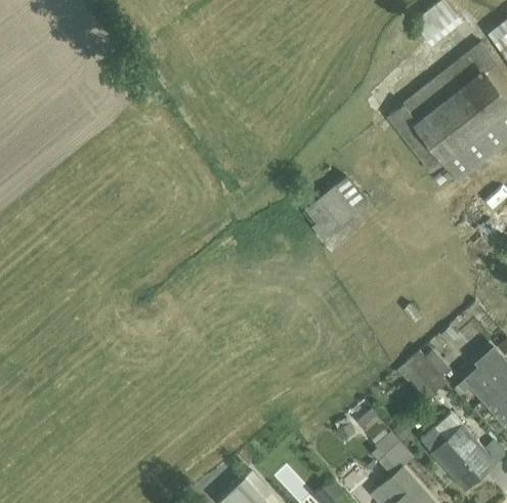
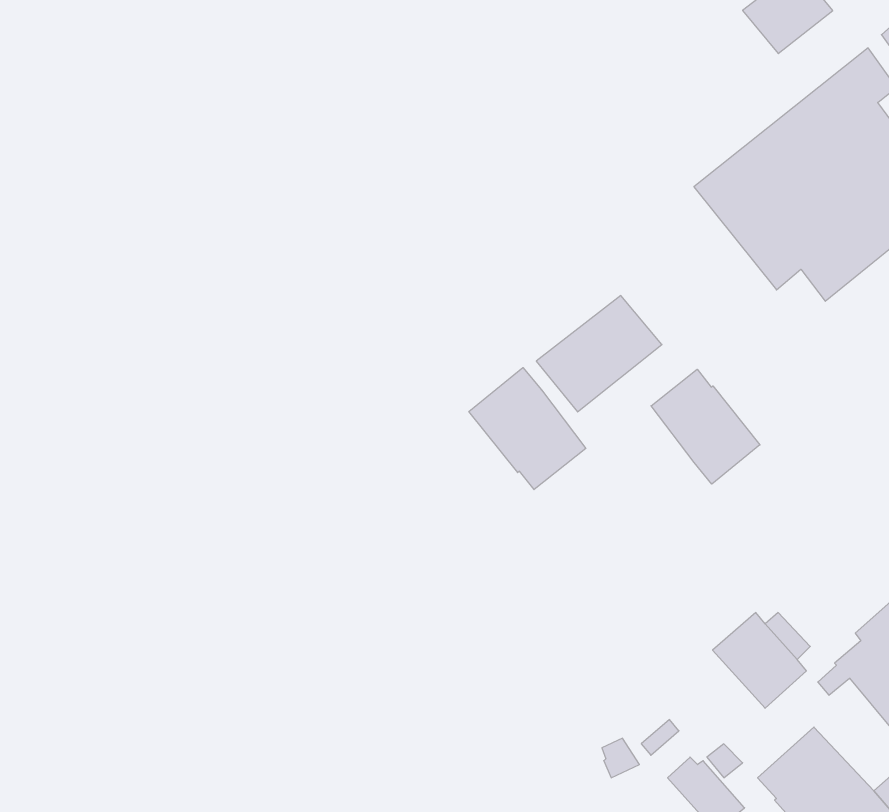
building: none -> [469,368,586,490]
building: none -> [651,369,760,484]

